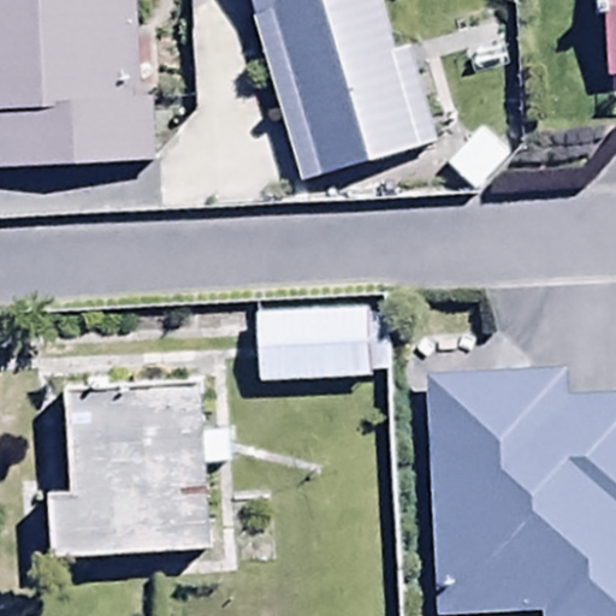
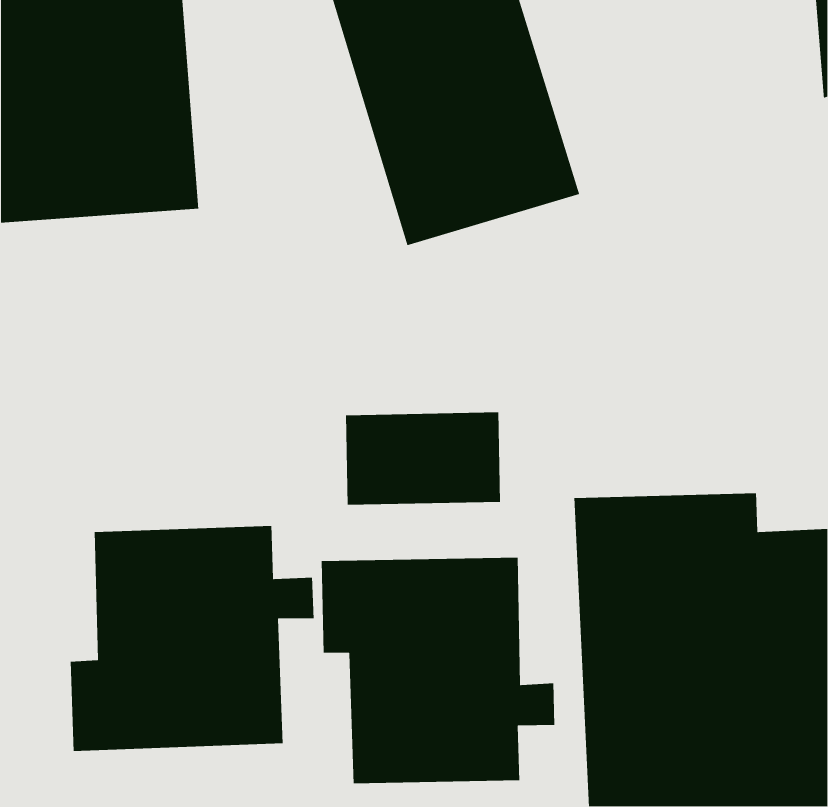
building: none -> [321,557,555,784]

